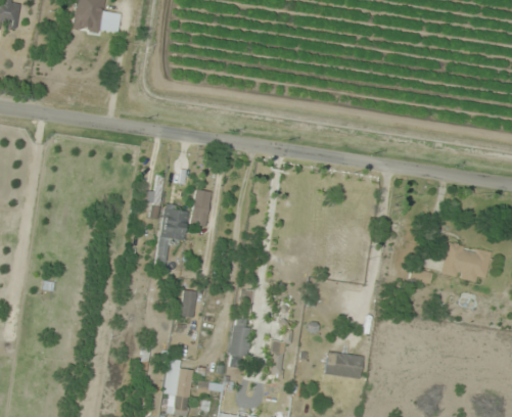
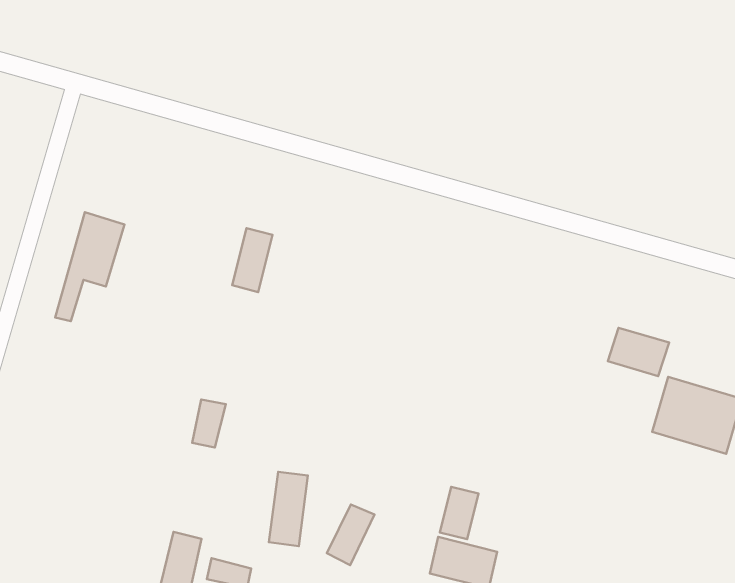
building: [155,203,188,267] -> [55,212,125,321]
building: none -> [608,328,669,376]
building: none -> [440,487,479,539]

